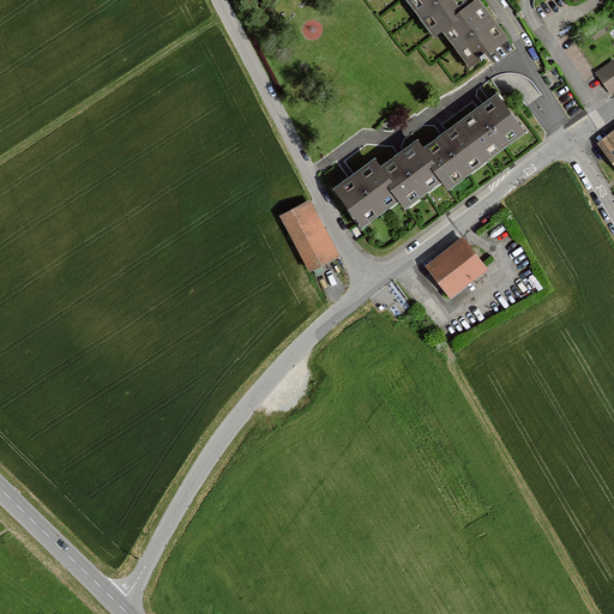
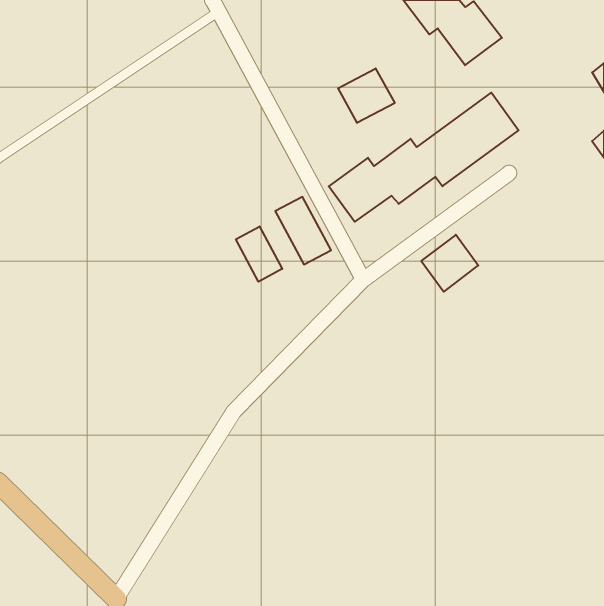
building: none -> [338,68,395,123]
building: none -> [236,226,282,282]

